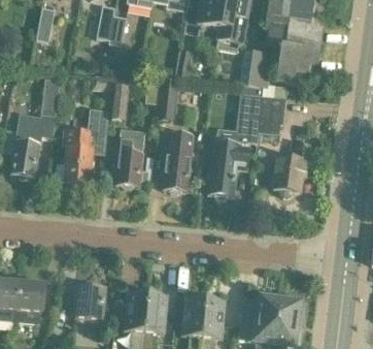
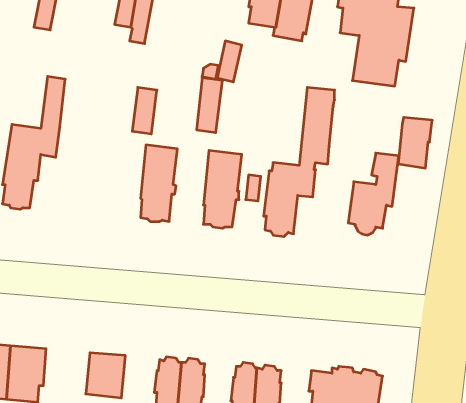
building: [241,49,274,86] -> none
building: [259,94,284,132] -> [398,117,432,168]
building: [56,108,108,183] -> none

